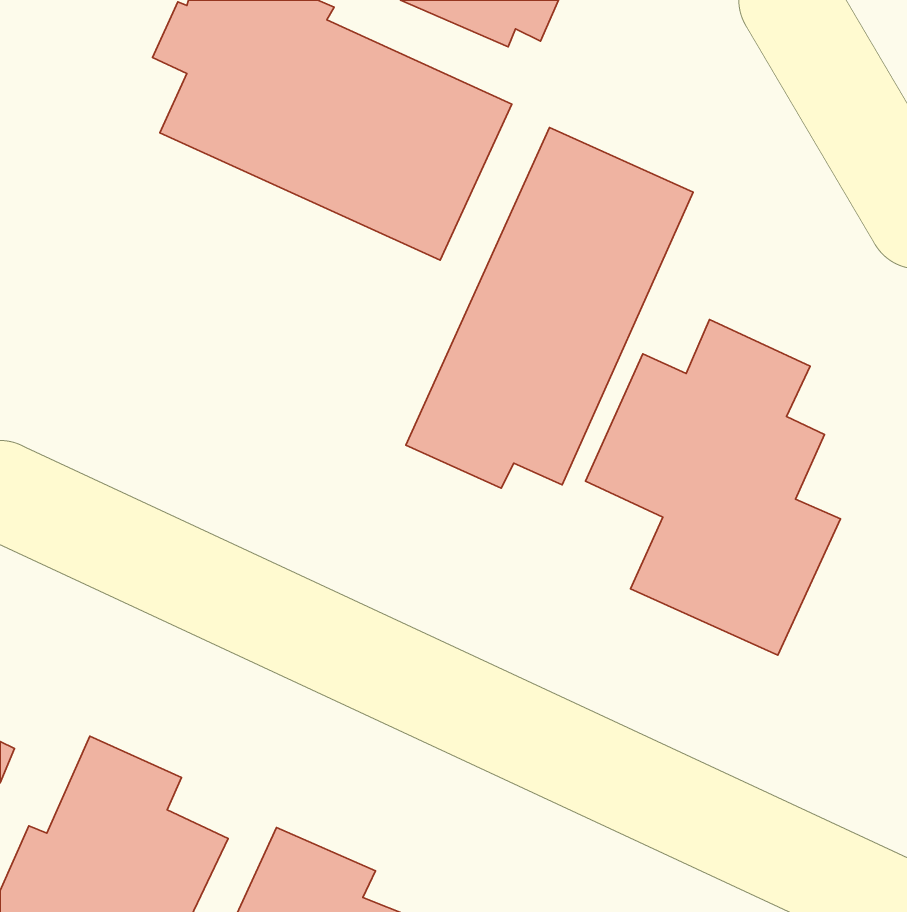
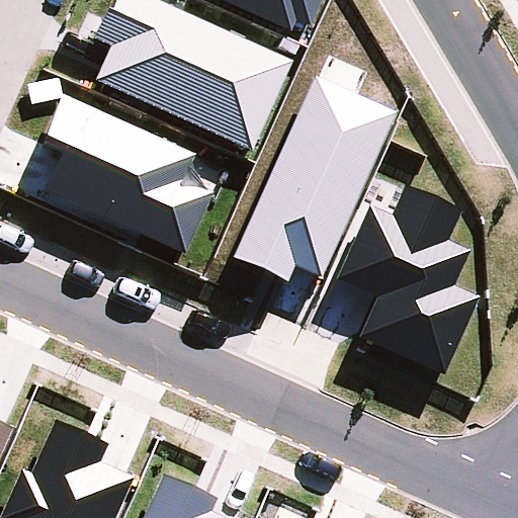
building: none -> [44,94,214,252]

